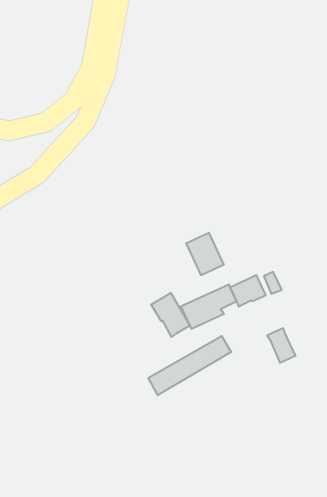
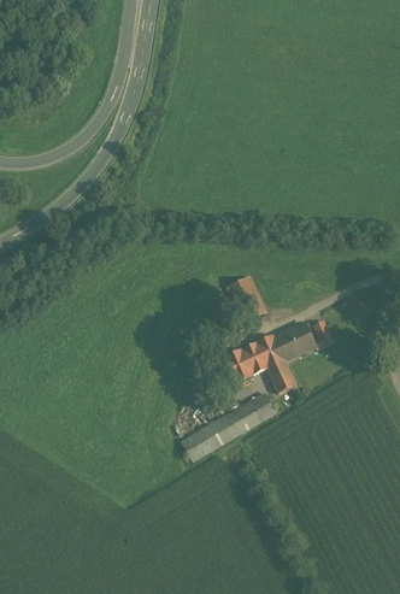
building: [151,293,190,337] -> none
building: [267,328,296,363] -> [265,352,298,392]

